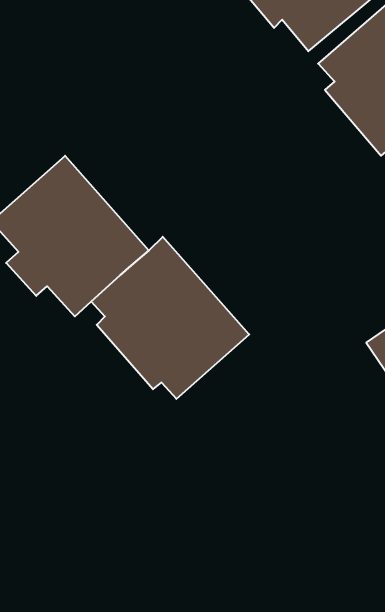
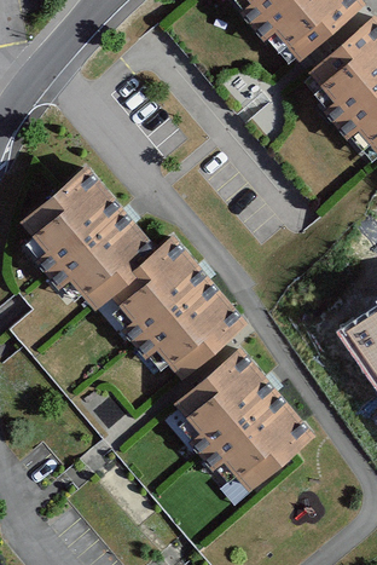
building: none -> [173,346,311,488]

